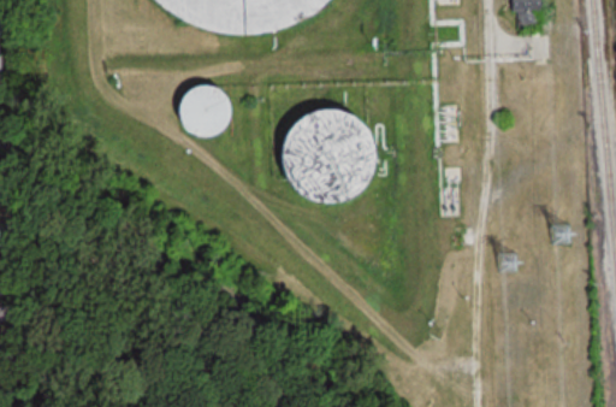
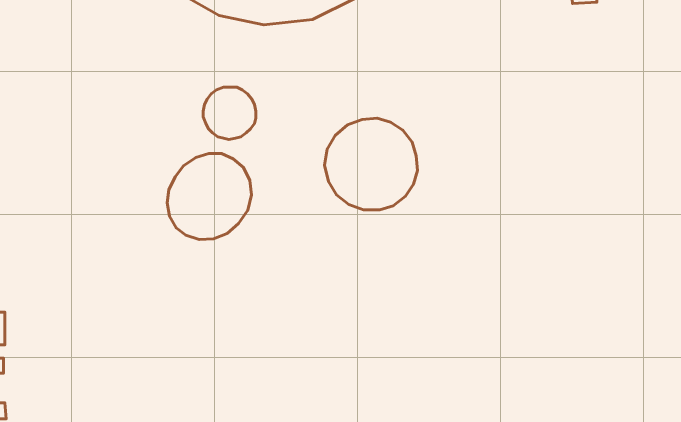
building: none -> [167,153,252,239]

